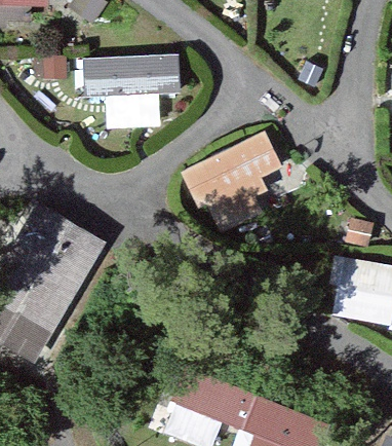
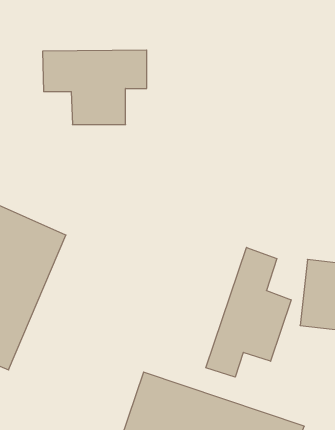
building: [181,129,301,233] -> none
building: none -> [206,247,291,377]

